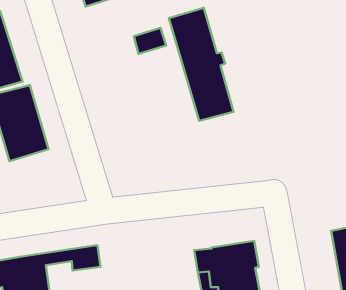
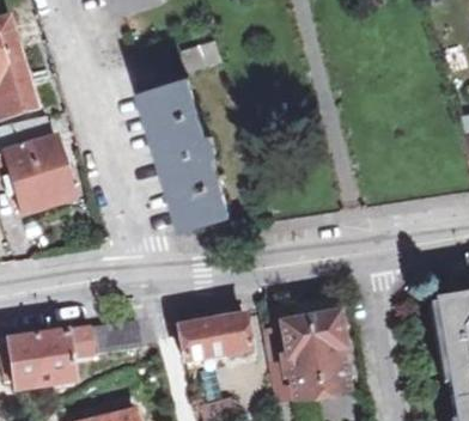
building: [169,8,234,121] -> [144,81,227,227]
building: none -> [173,305,250,361]

